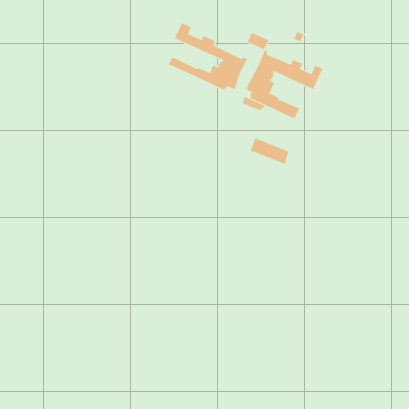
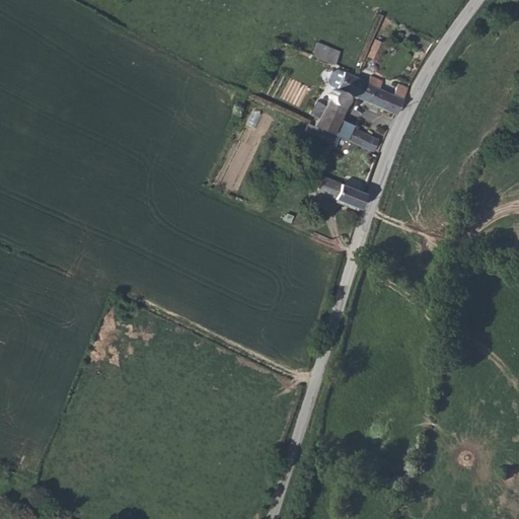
building: [168,22,248,91] -> none

